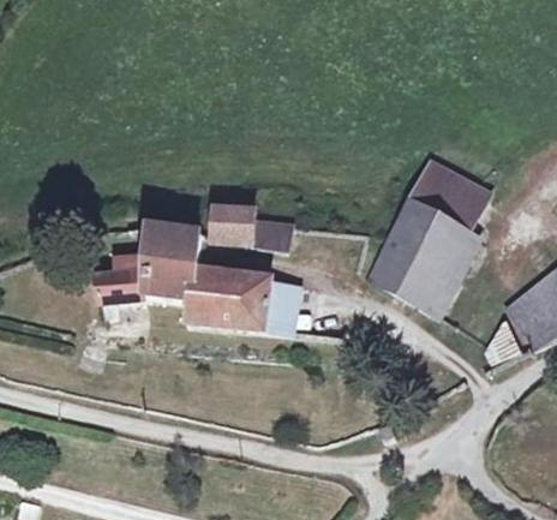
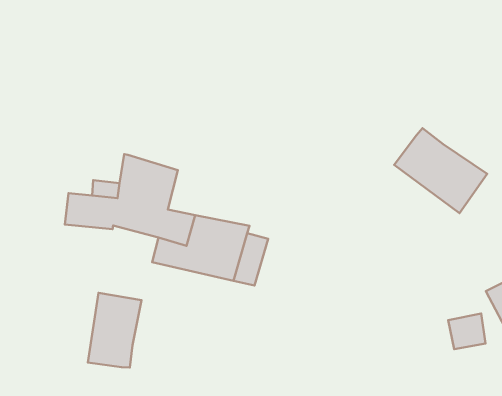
building: [371,197,473,311] -> none
building: [211,208,293,252] -> none
building: none -> [88,293,141,368]

